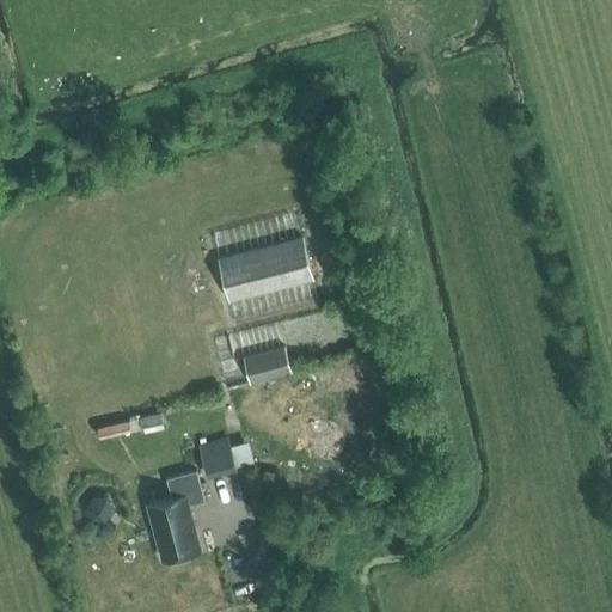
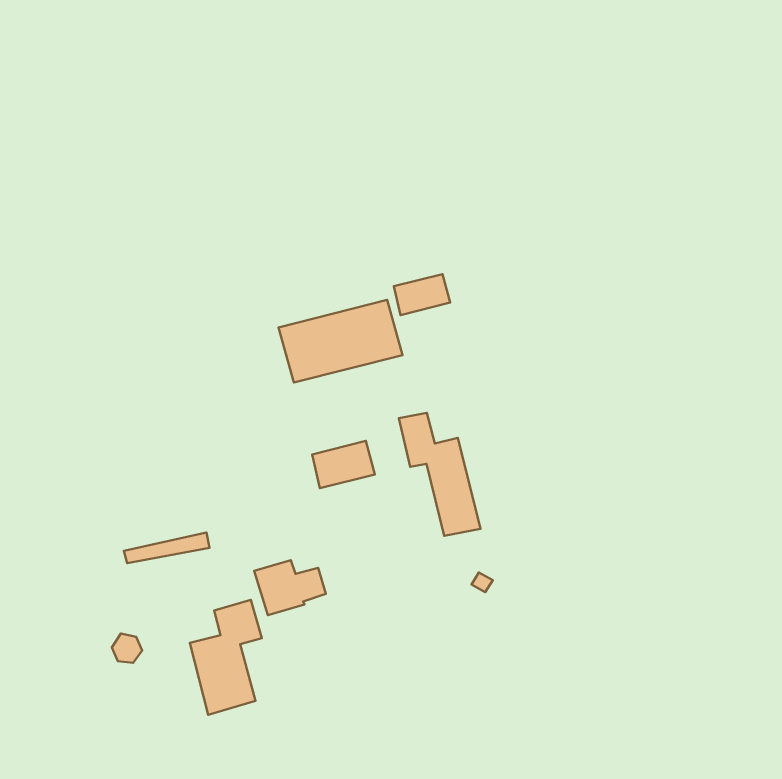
building: none -> [394,274,450,315]
building: none -> [399,413,481,536]

